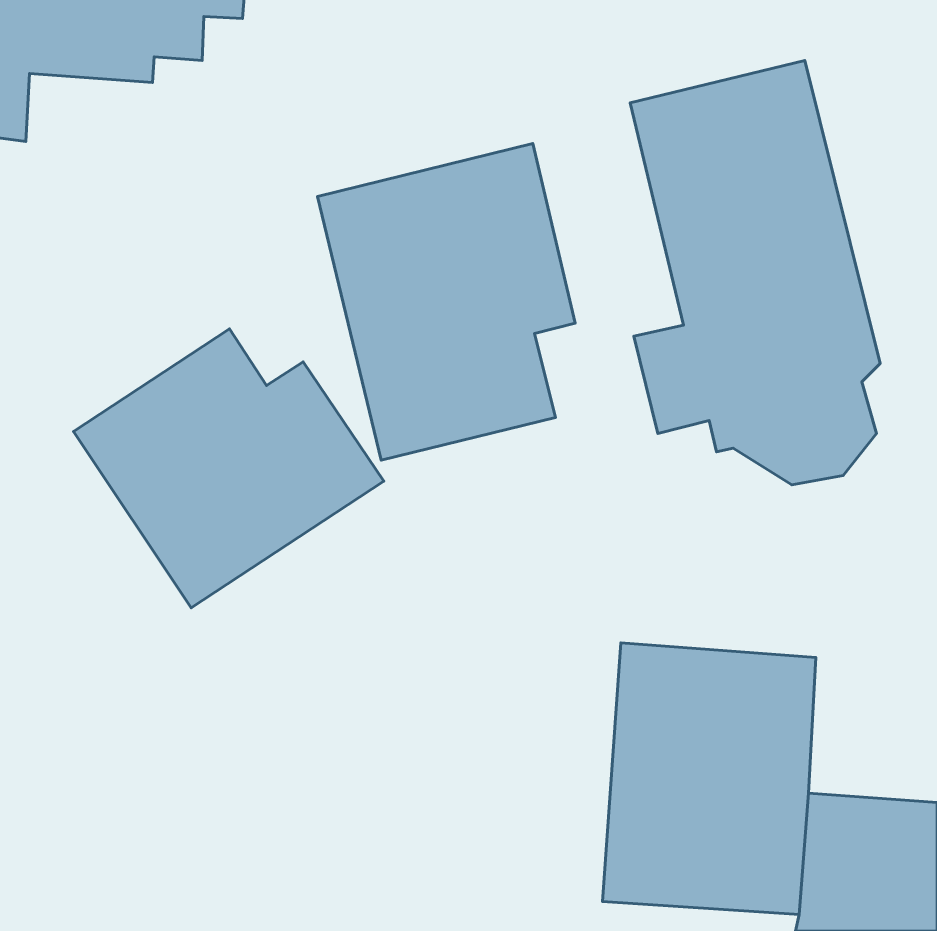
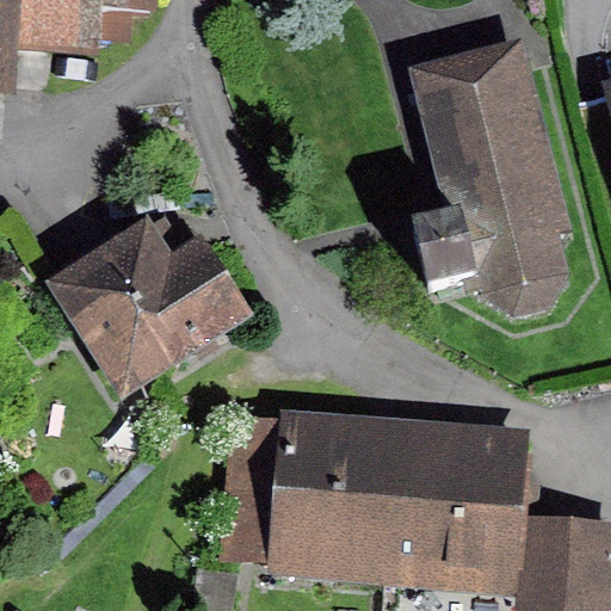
building: [318,143,575,460] -> none
building: none -> [218,408,403,586]

